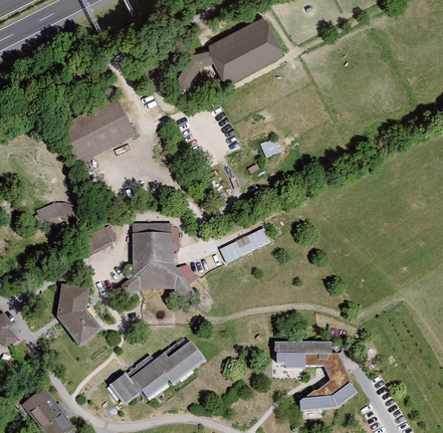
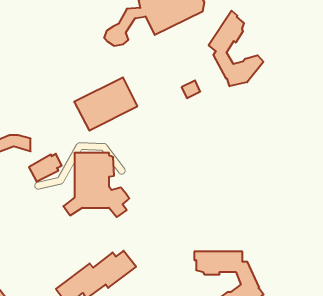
building: none -> [209,11,263,86]
building: [62,102,138,166] -> [74,77,137,131]
building: [219,228,270,263] -> none
building: [56,284,102,347] -> none

